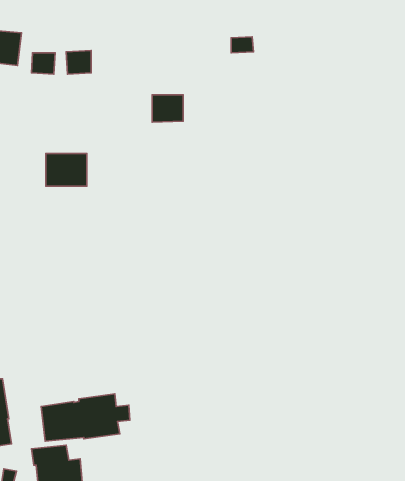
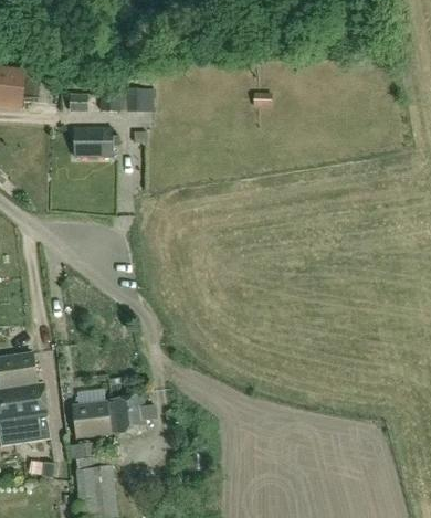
building: [152,95,183,122] -> [126,87,154,112]
building: [46,154,87,186] -> [73,128,109,157]

